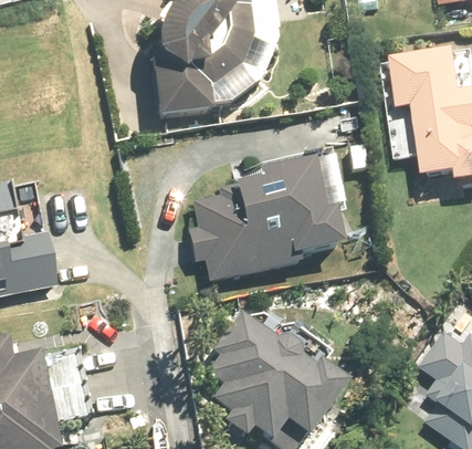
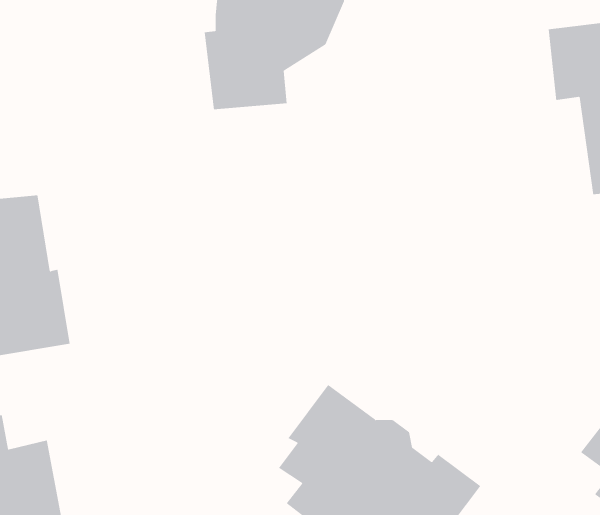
building: [187,161,340,280] -> none

